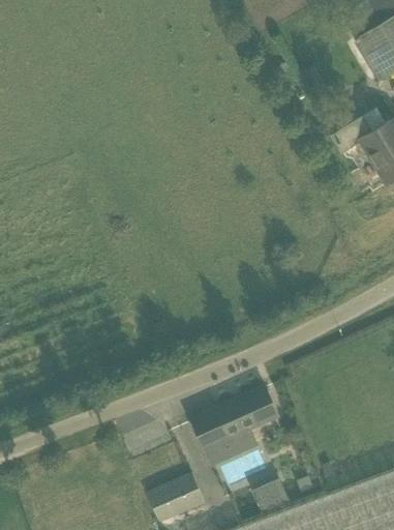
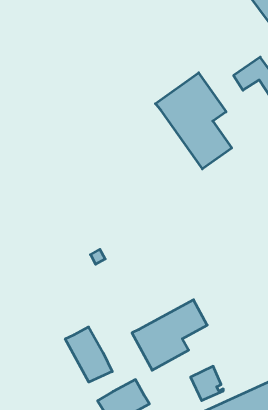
building: none -> [155,73,232,169]
building: none -> [65,327,112,382]

